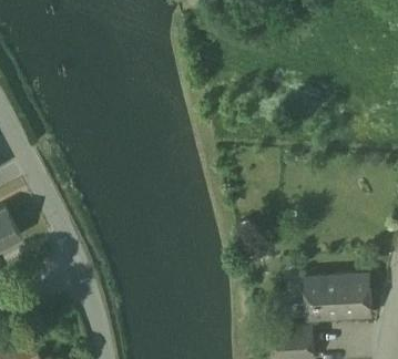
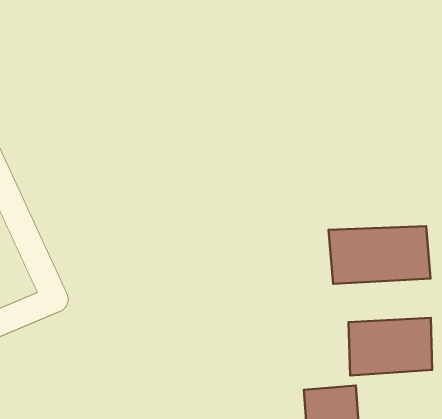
building: none -> [329,226,431,284]

